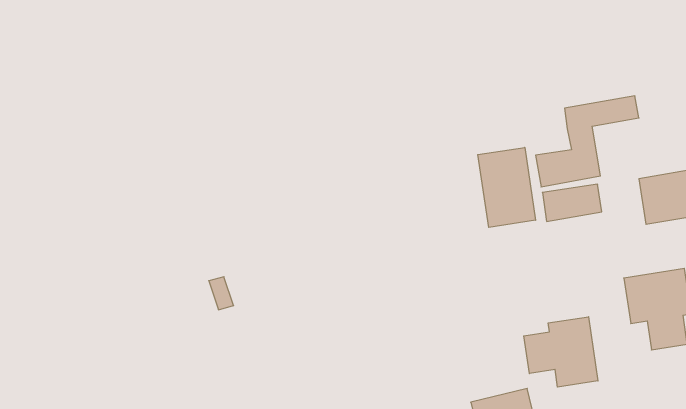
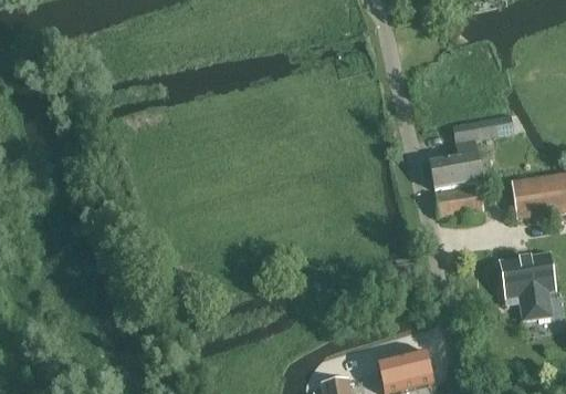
building: [478,147,536,227] -> none
building: [524,317,598,387] -> none

